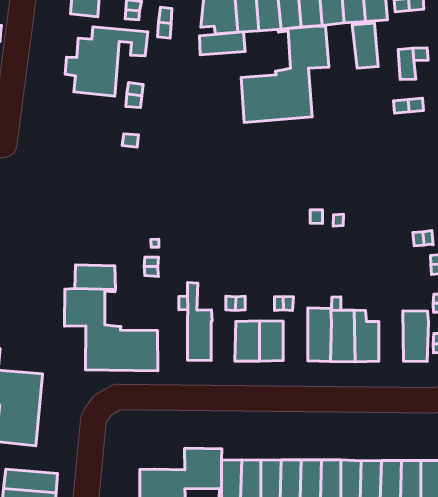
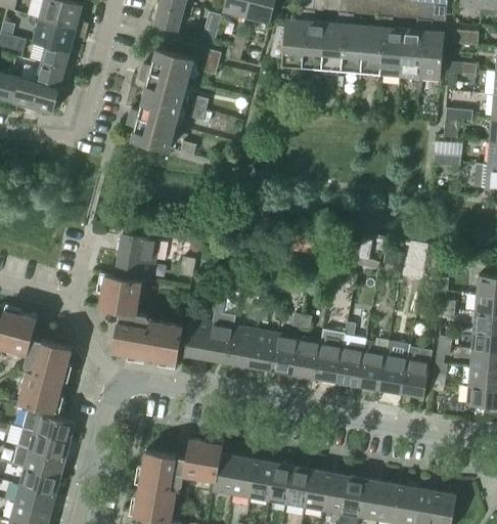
building: [352,23,378,68] -> none
building: [241,26,329,122] -> none
building: [199,32,245,55] -> none
building: none -> [127,97,181,151]
building: none -> [119,233,159,262]
building: none -> [379,342,410,394]
building: none -> [183,319,212,359]
building: none -> [227,328,256,367]
building: none -> [292,339,321,379]
building: none -> [24,411,75,442]

